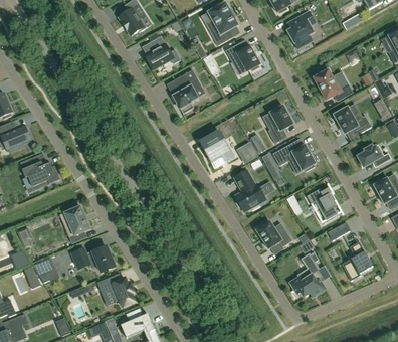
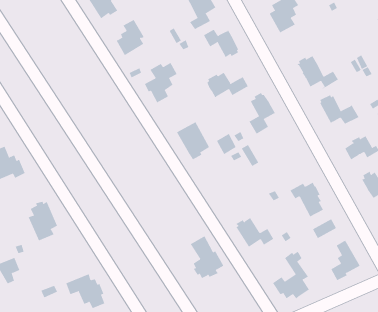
building: none -> [206,71,249,98]
building: [272,143,315,171] -> none
building: [232,170,264,210] -> [190,236,224,279]
building: [71,246,114,272] -> none

